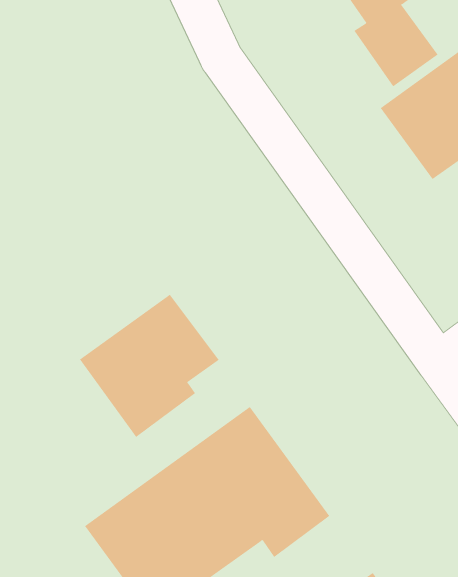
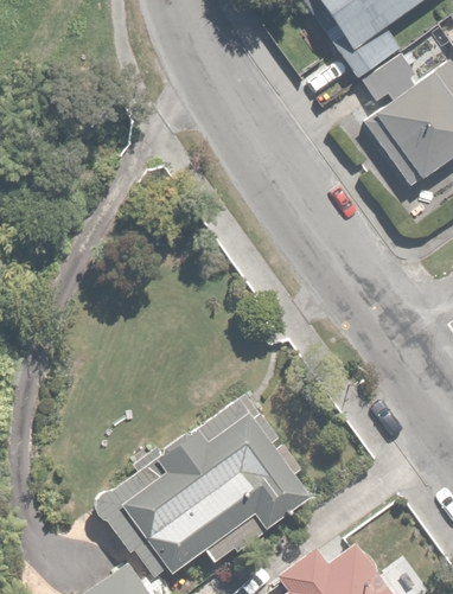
building: [79,294,220,438] -> none

